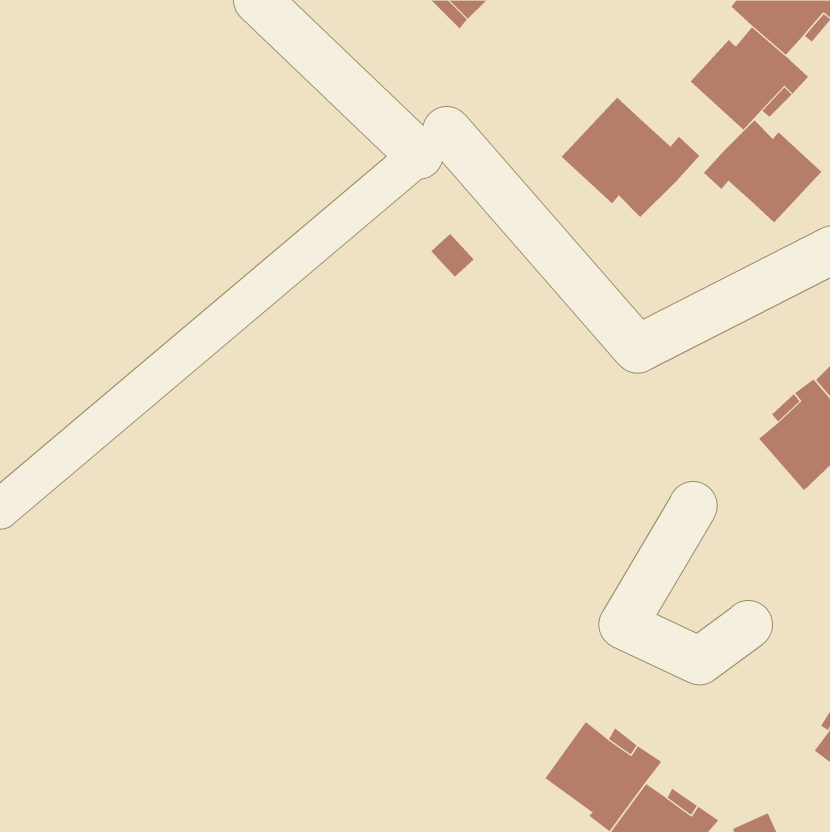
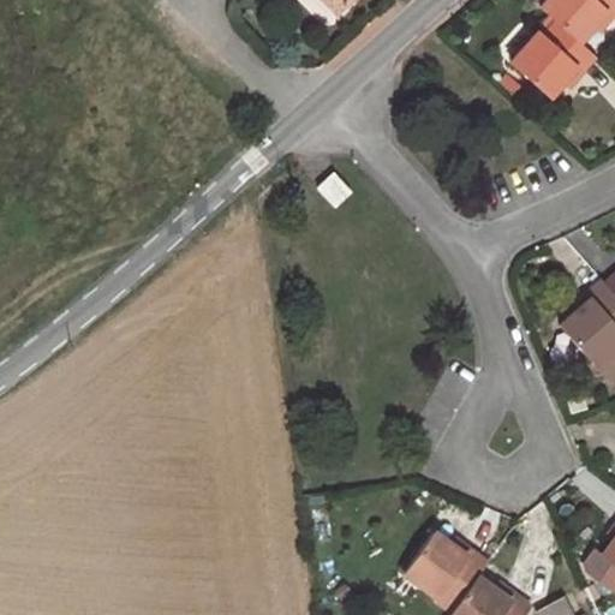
building: [561,97,700,218] -> none
building: [703,120,822,223] -> none

